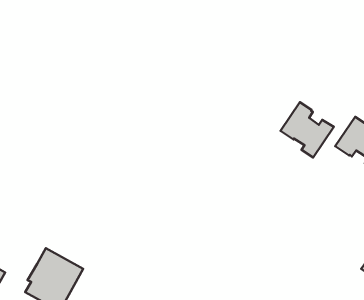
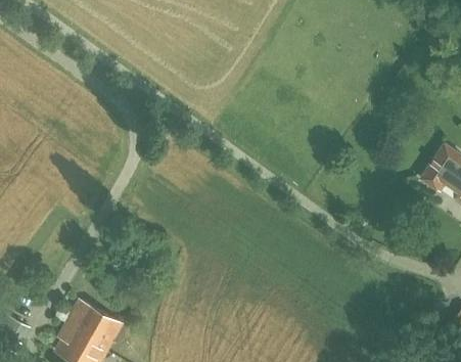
building: [280,102,334,158] -> none

